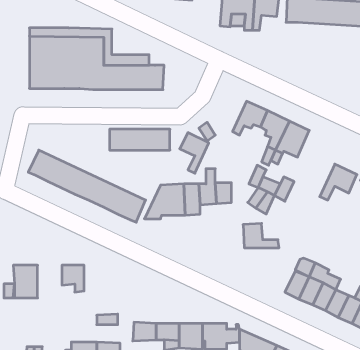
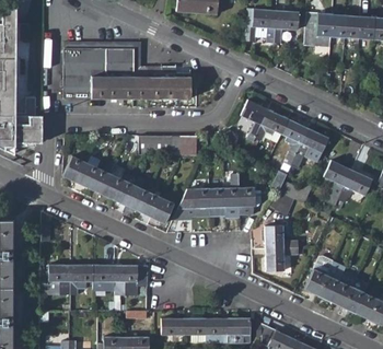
building: [180,133,209,173] -> [242,100,269,138]
building: none -> [325,160,352,205]
building: none -> [267,247,300,270]
building: none -> [72,264,95,294]
building: none -> [116,264,149,294]

